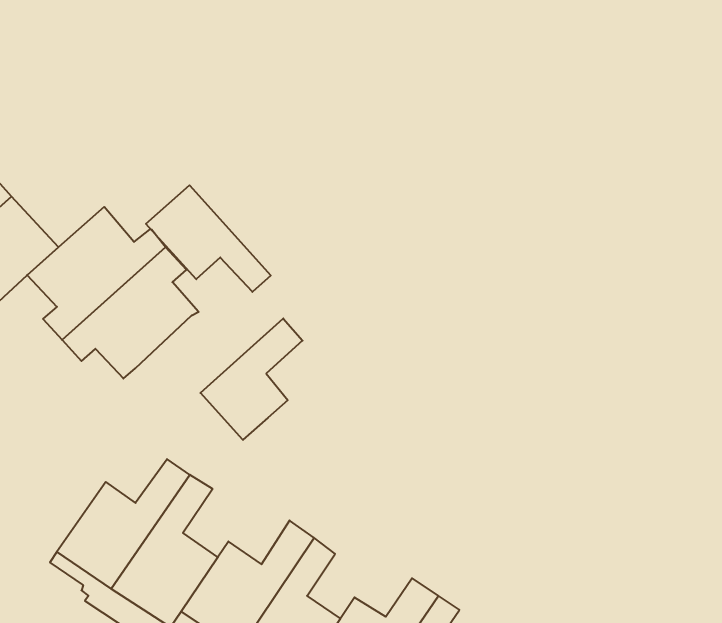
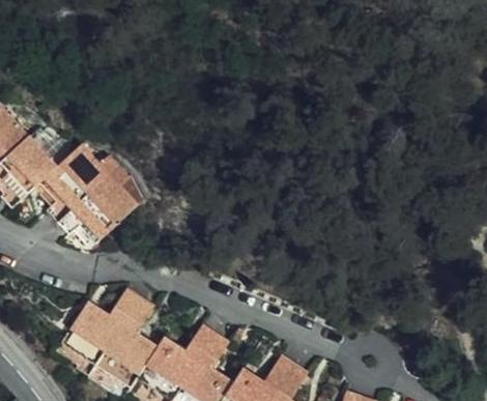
building: [146,185,271,292] -> none
building: [200,318,303,440] -> none

